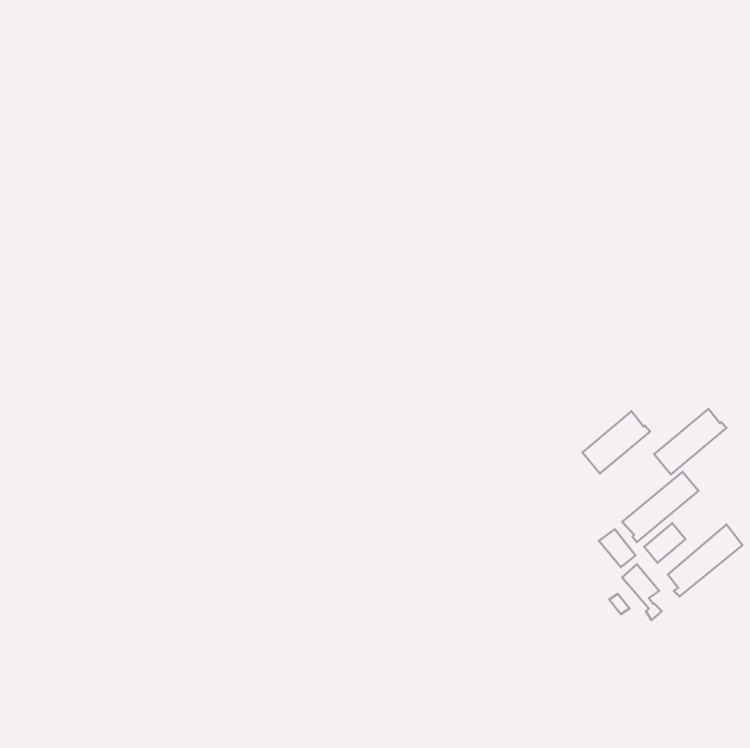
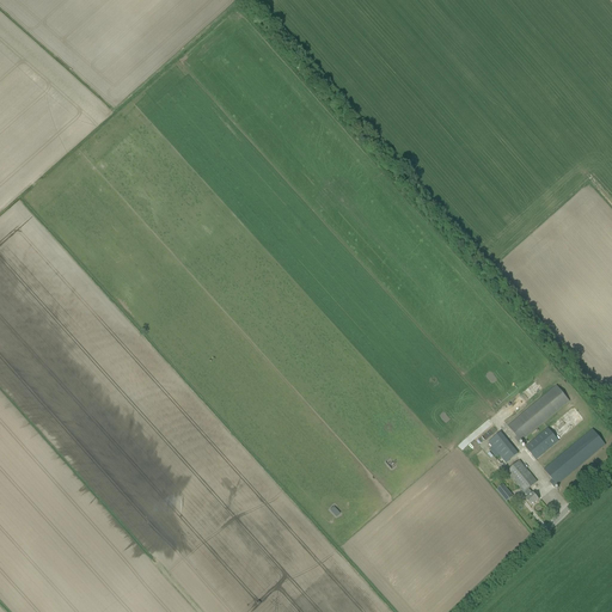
building: [654,409,726,474] -> none
building: [582,411,650,474] -> none

